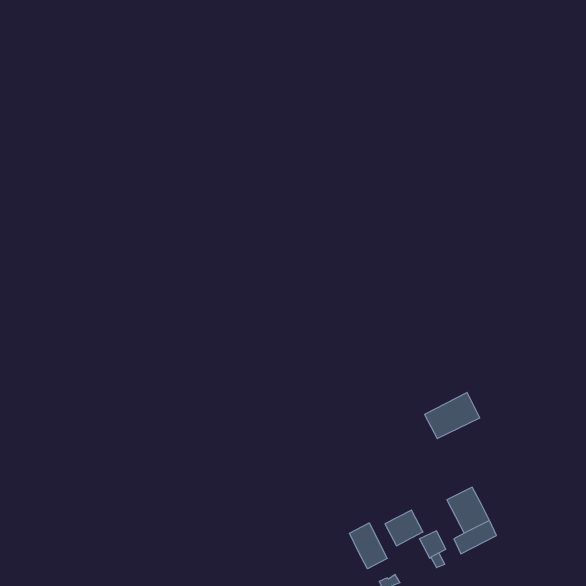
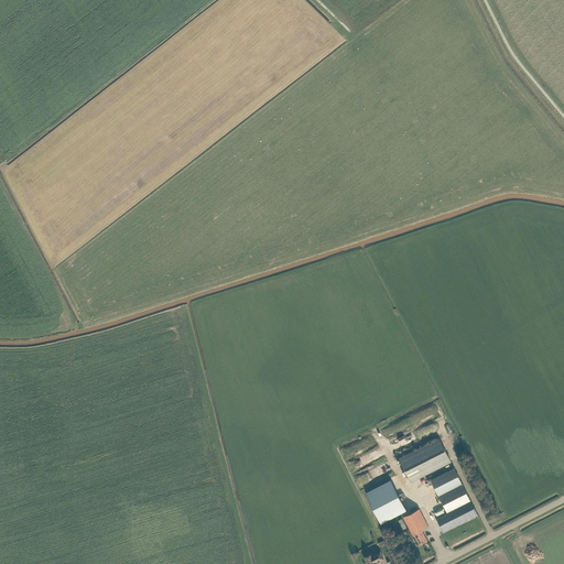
building: [425,393,480,439] -> [398,438,451,482]
building: [349,523,387,569] -> none

